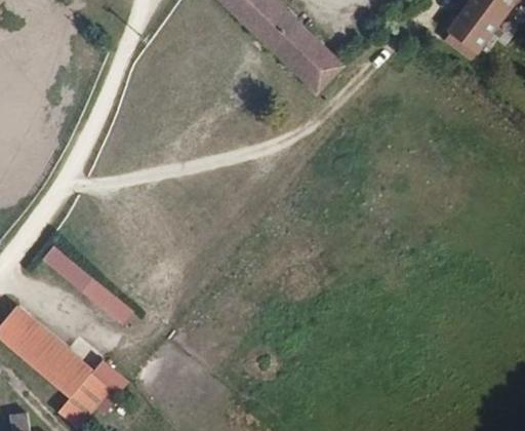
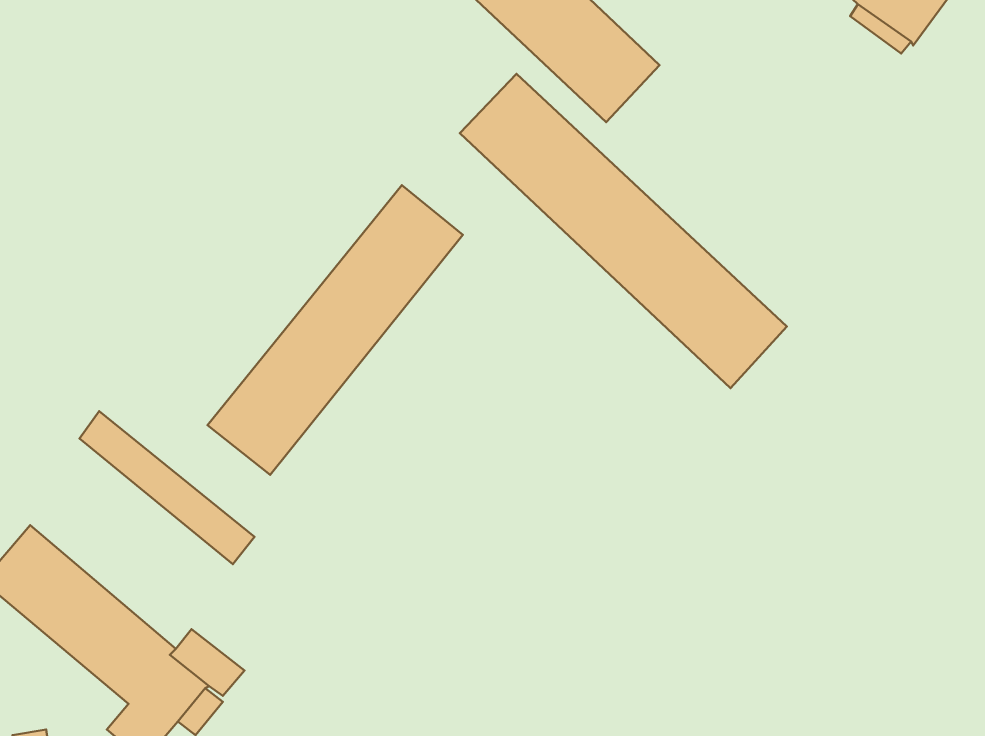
building: none -> [460,74,787,388]
building: none -> [207,185,463,475]

